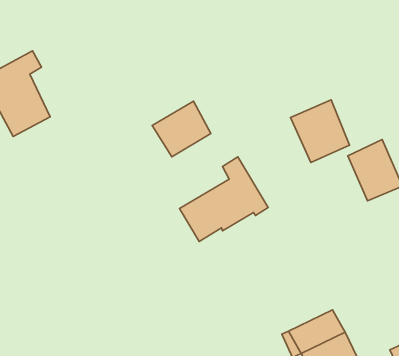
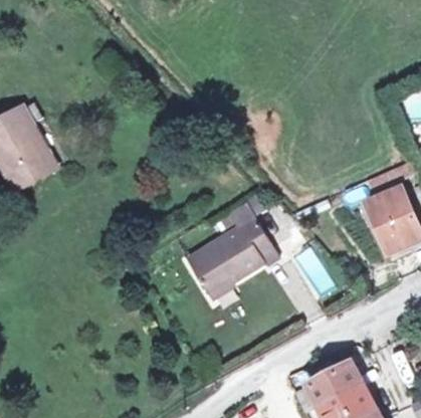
building: [291,100,350,162] -> none
building: [152,101,211,157] -> none

